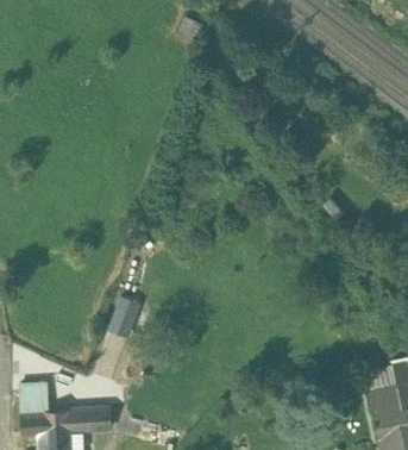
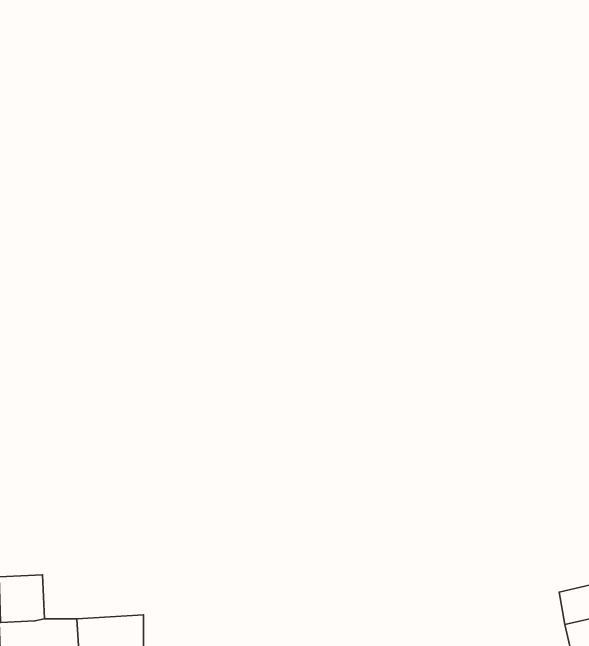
building: [102,294,139,337] -> none

